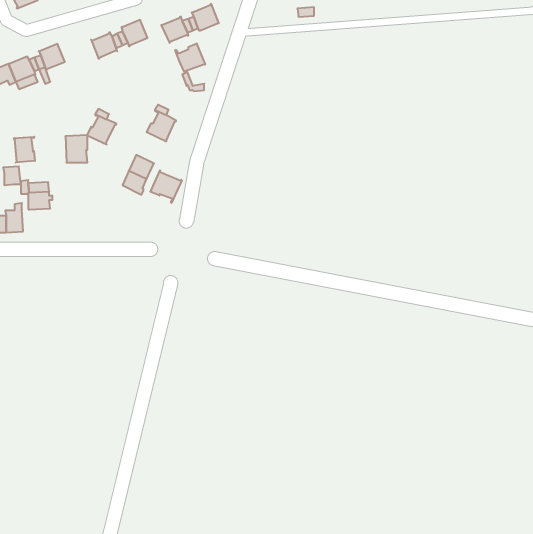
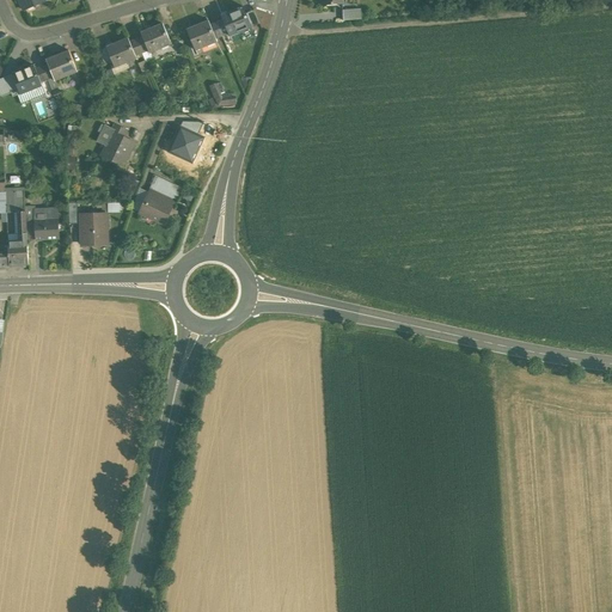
building: [175,43,205,72] -> none
building: [65,135,87,163] -> [79,213,104,244]
building: [14,137,35,163] -> none
building: [150,170,182,203] -> none

